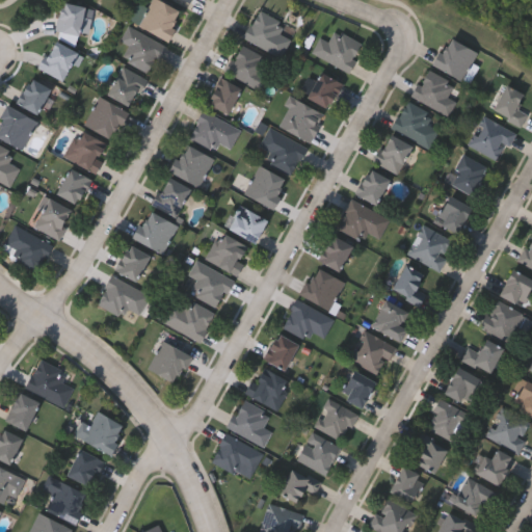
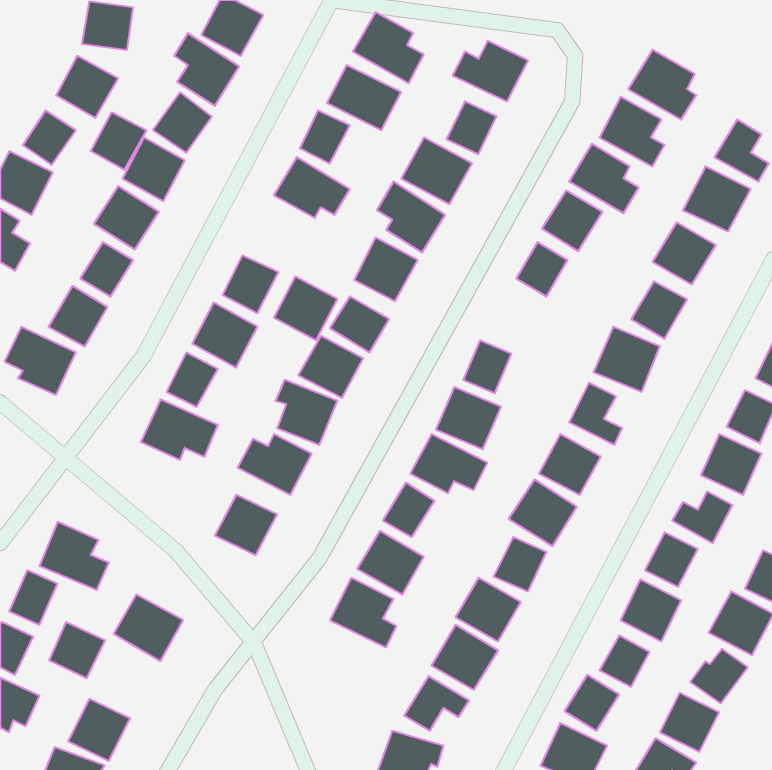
building: none -> [91,112,146,170]
building: [170,143,214,187] -> [274,277,337,340]
building: [338,202,391,240] -> none
building: [212,434,264,475] -> none
building: [69,450,107,488] -> [49,622,105,678]

